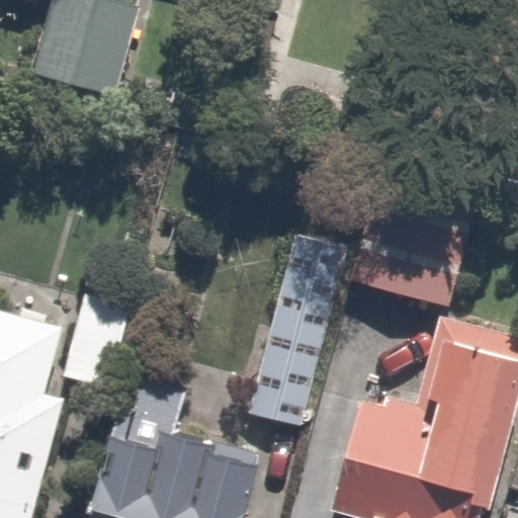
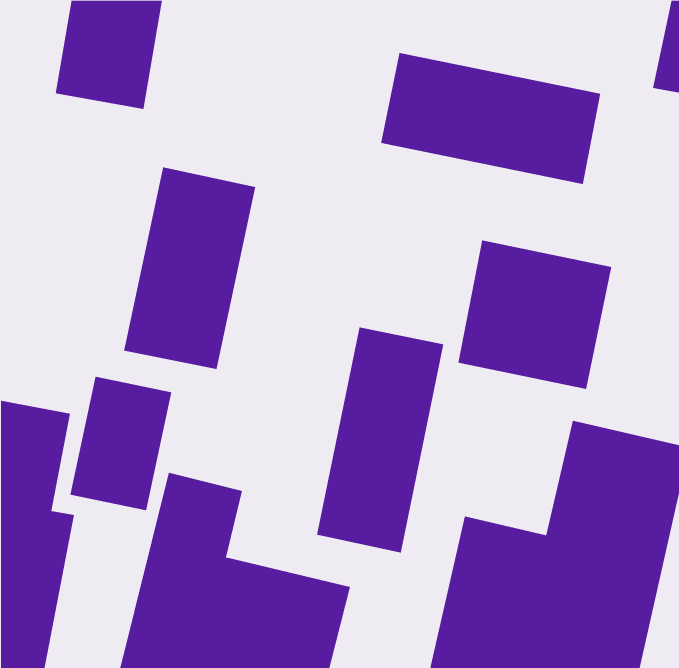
building: none -> [381,52,601,185]
building: none -> [123,167,256,370]

